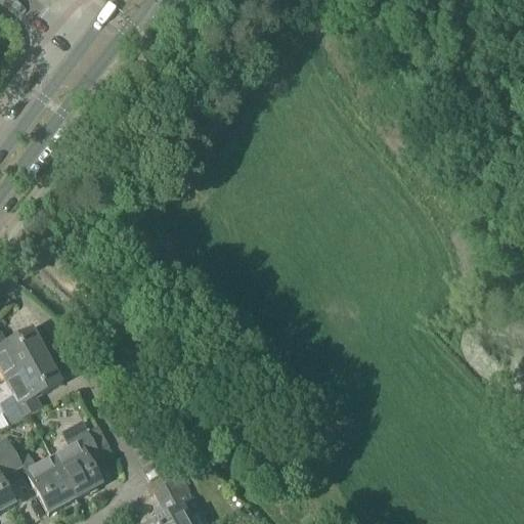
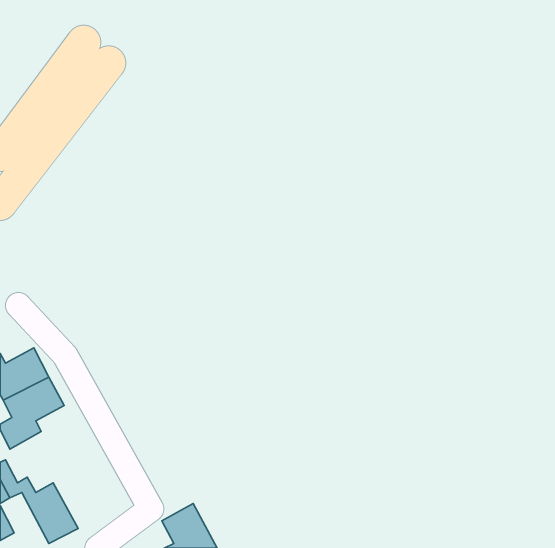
building: [50,421,100,497] -> none

